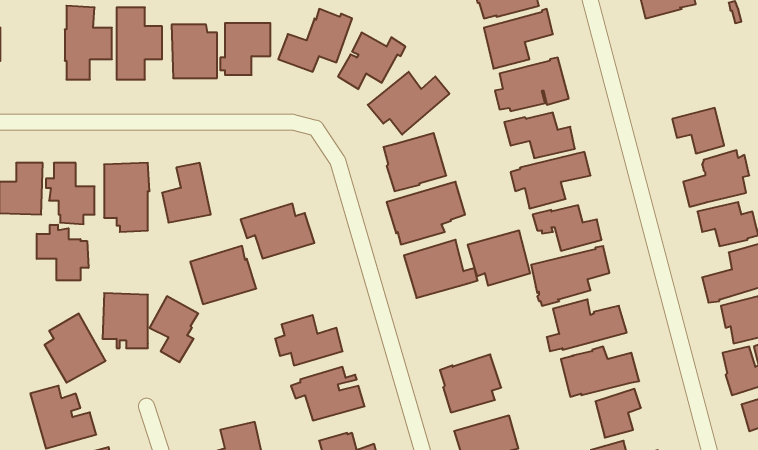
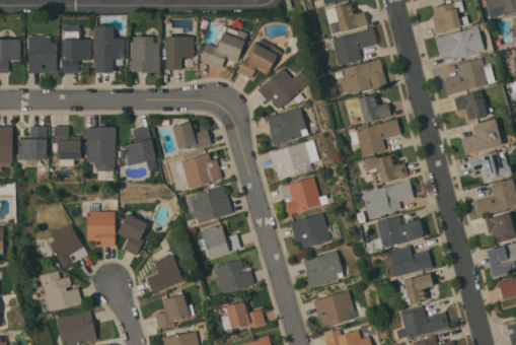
building: none -> [434,26,484,59]
building: none -> [27,37,57,73]
building: none -> [442,58,494,95]
building: none -> [172,122,211,150]
building: [37,225,88,280] -> none
building: [468,231,530,286] -> [289,213,329,249]
building: [190,246,256,304] -> [190,186,232,223]
building: none -> [146,255,182,294]

